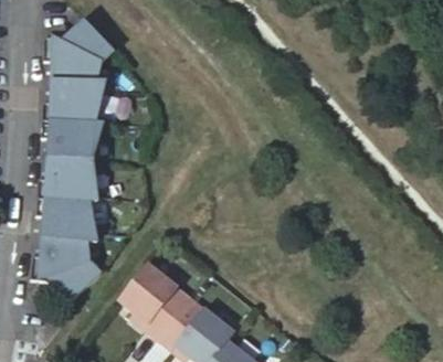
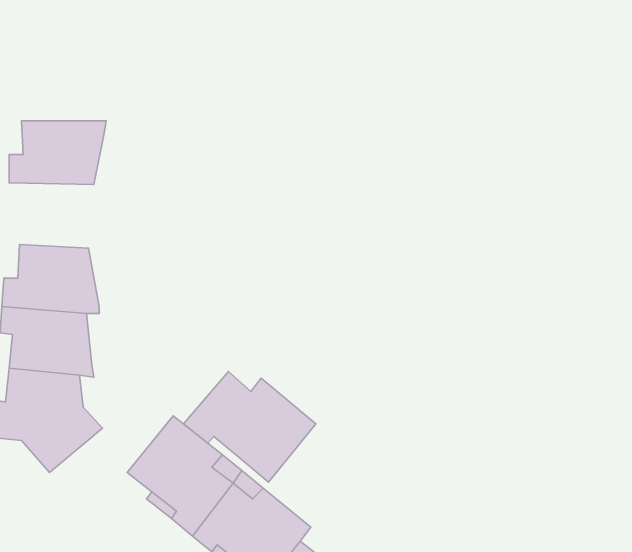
building: [44,18,113,79] -> none
building: [43,118,105,159] -> none
building: none -> [183,372,316,482]

